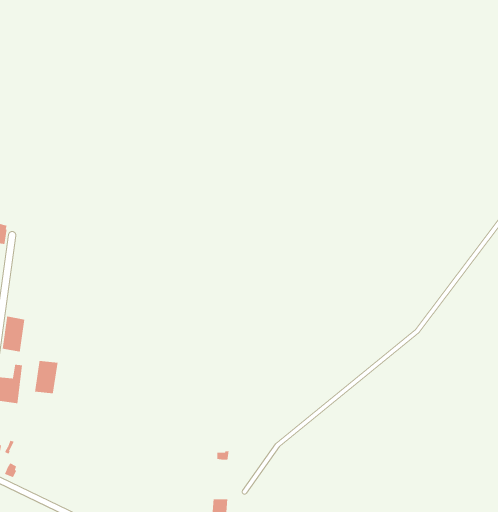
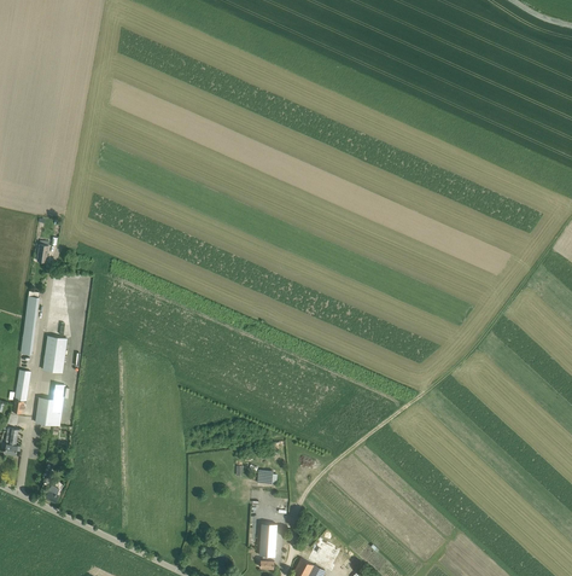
building: [35,360,58,394] -> none

